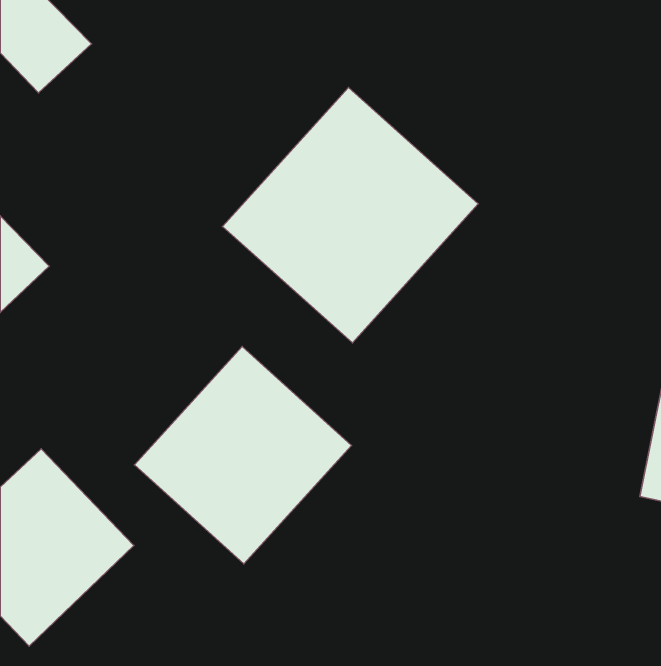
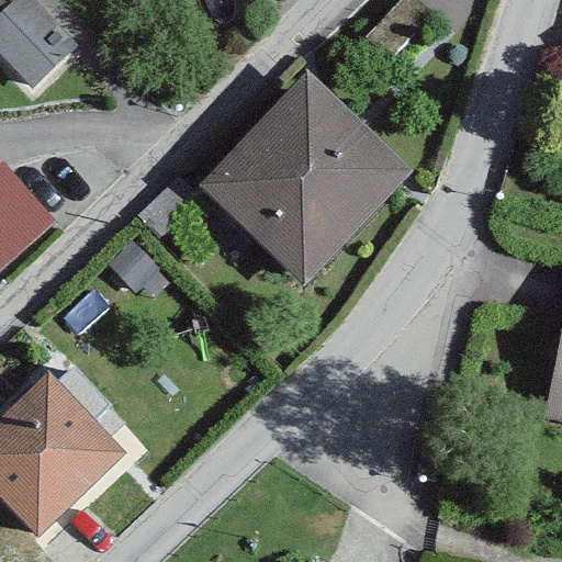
building: [134,347,351,564] -> none

